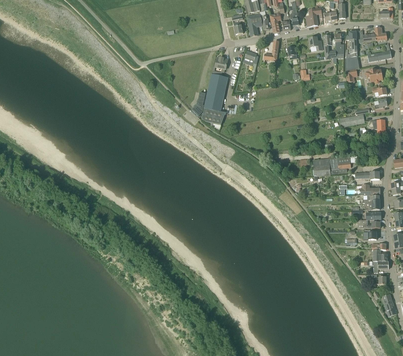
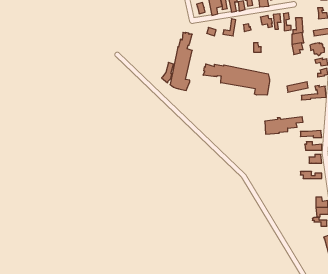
building: none -> [203,64,270,95]

